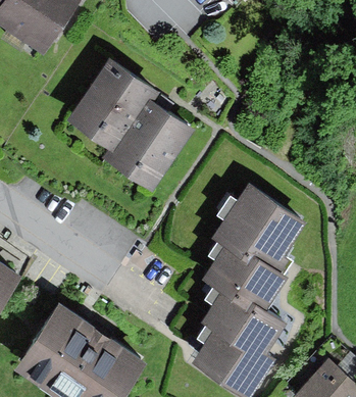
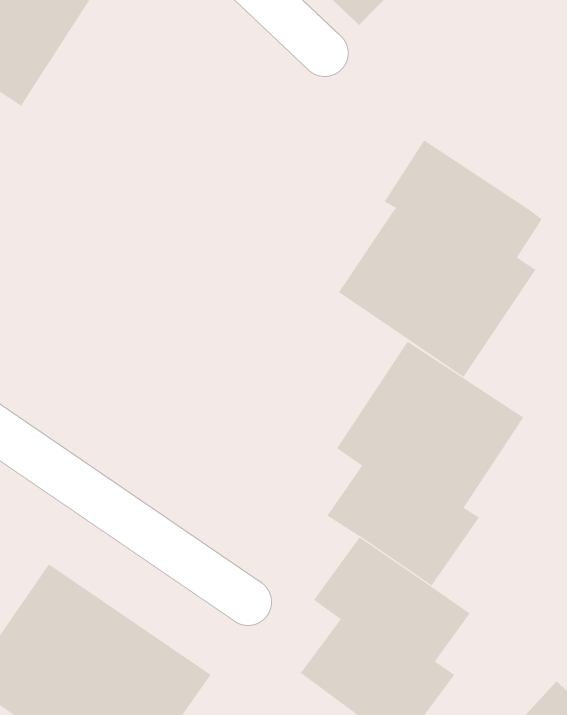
building: [65,56,195,191] -> none
building: none -> [338,139,542,378]

